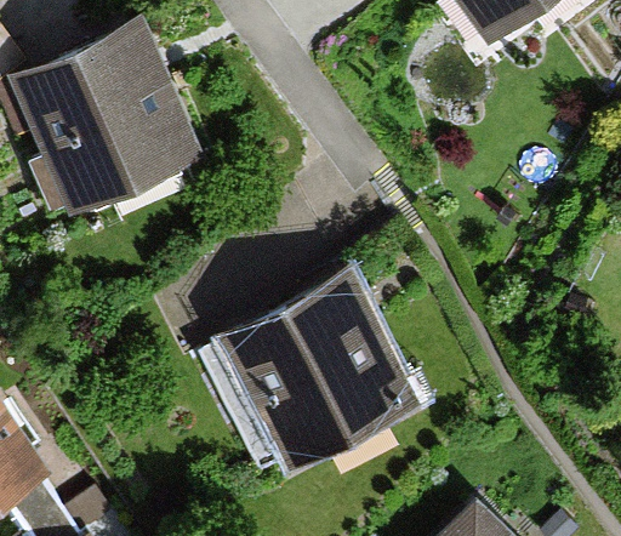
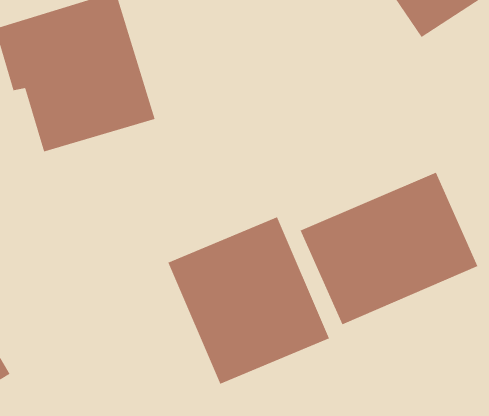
building: none -> [300,172,478,325]

